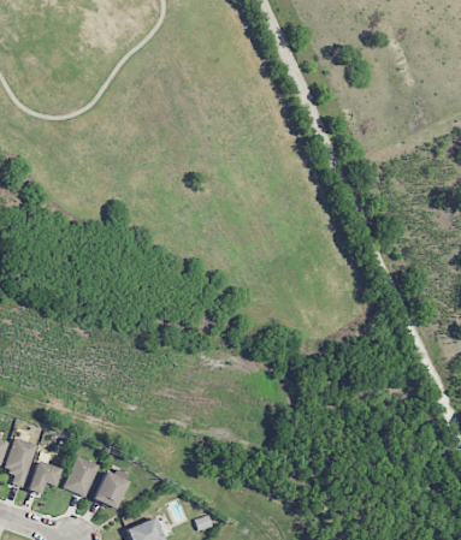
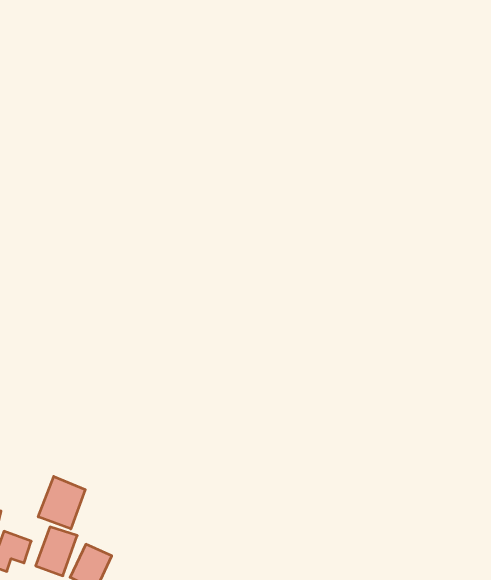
building: none -> [38,476,85,529]

